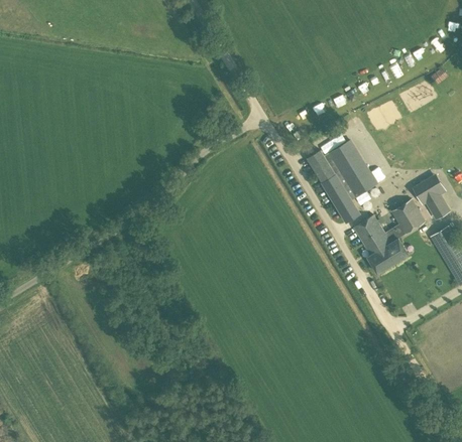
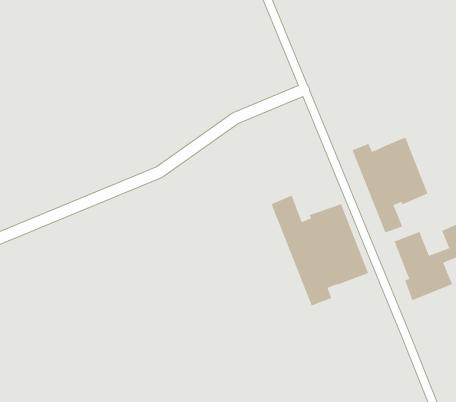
building: none -> [271,195,369,306]

